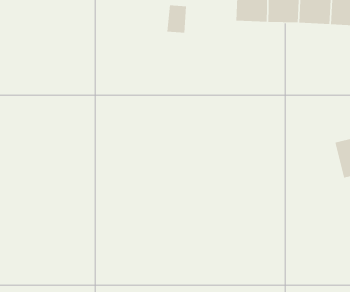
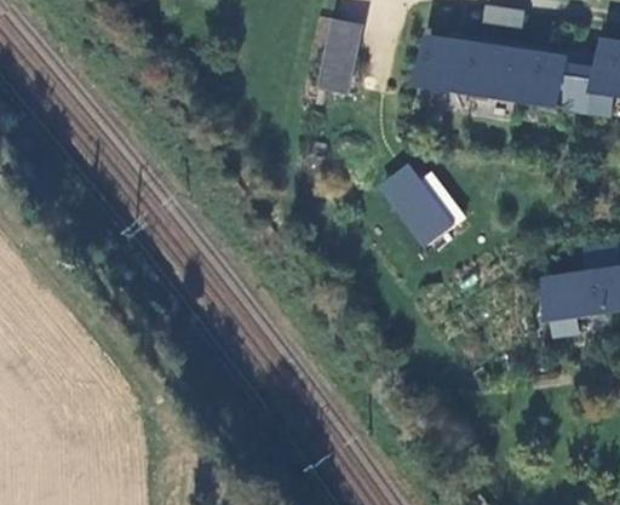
building: none -> [383,166,453,242]

